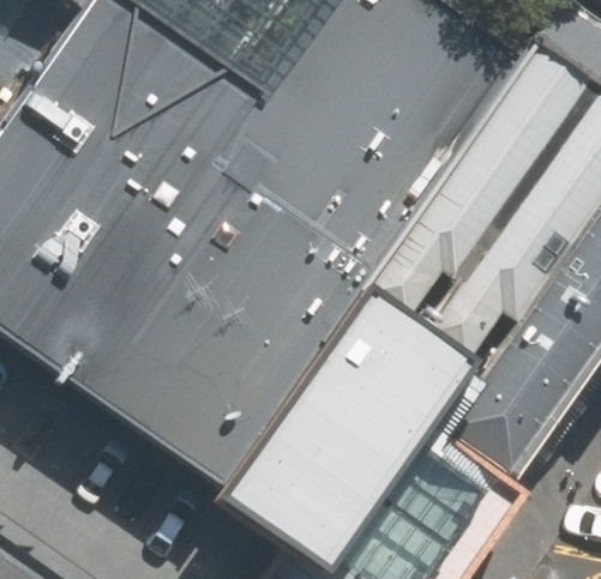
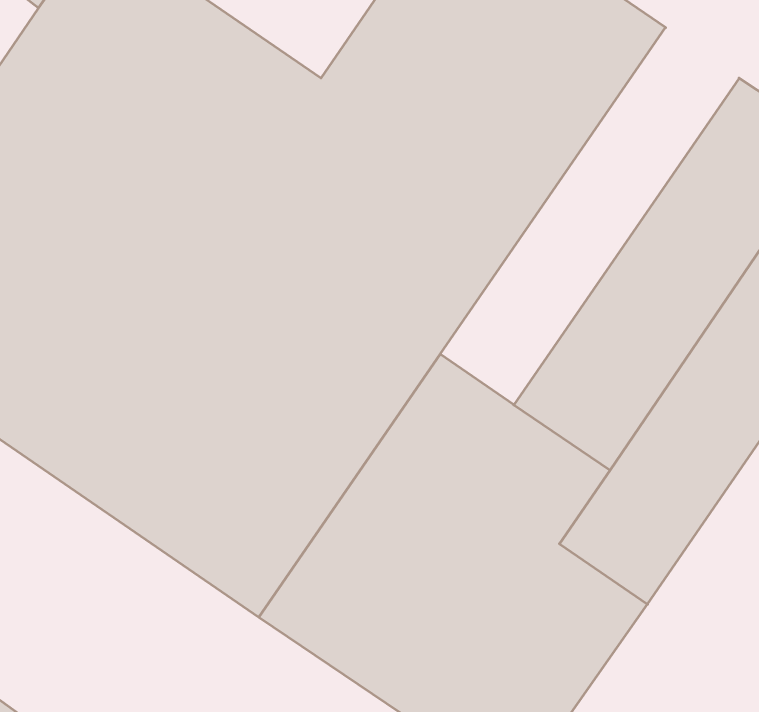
building: [356,59,576,336] -> none

